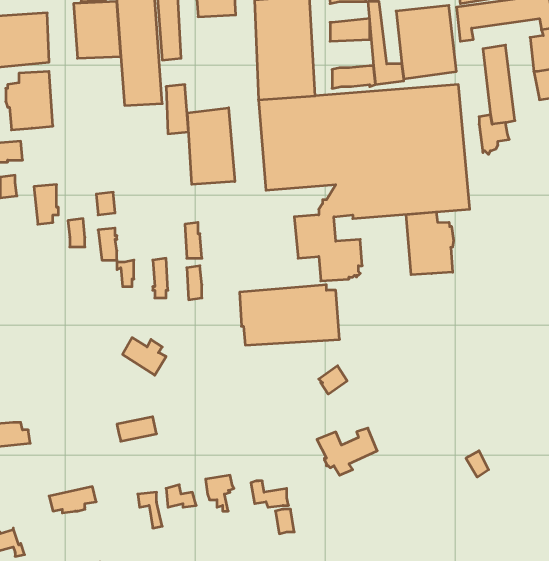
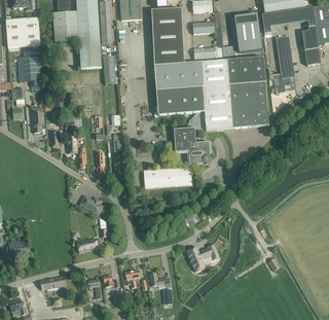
building: [188,108,235,184] -> none
building: [406,212,454,275] -> none

